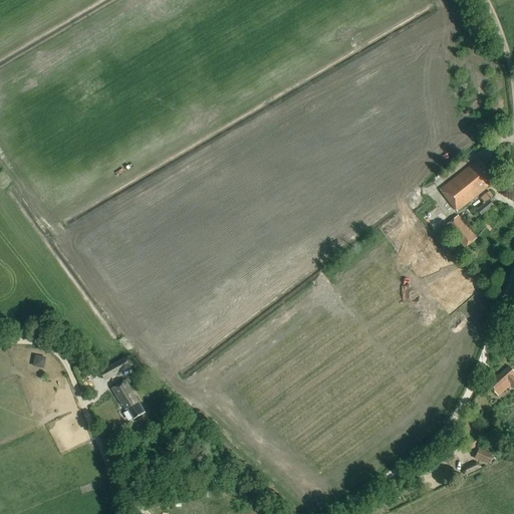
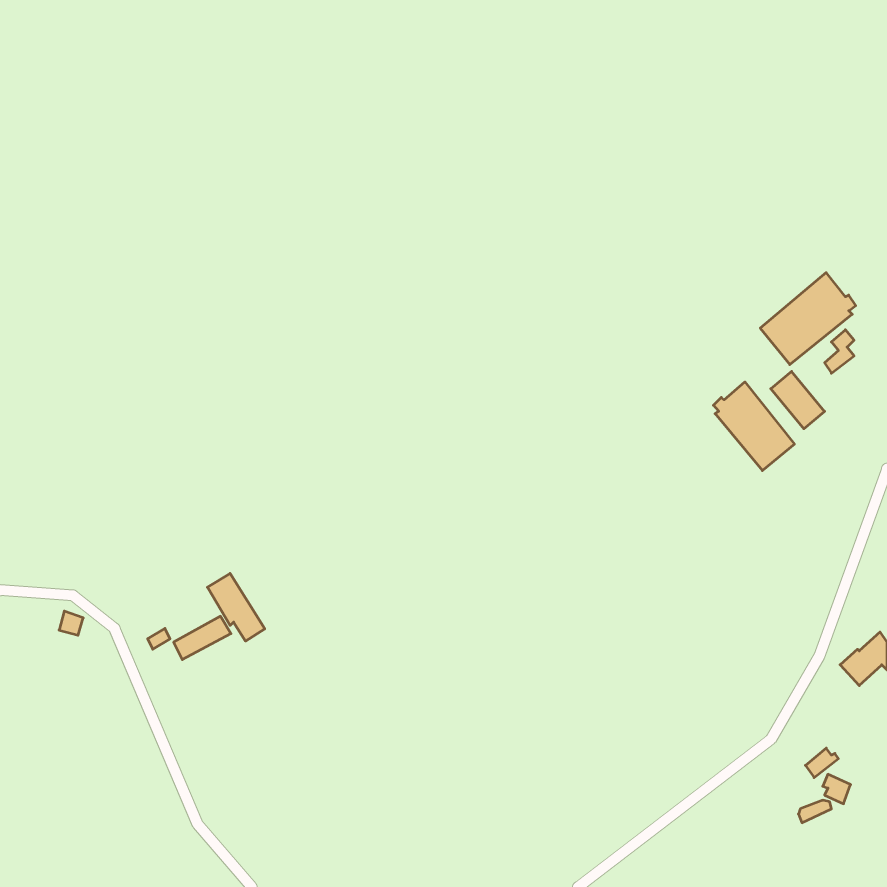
building: none -> [713,382,794,471]
building: [112,379,146,419] -> [207,573,265,641]

